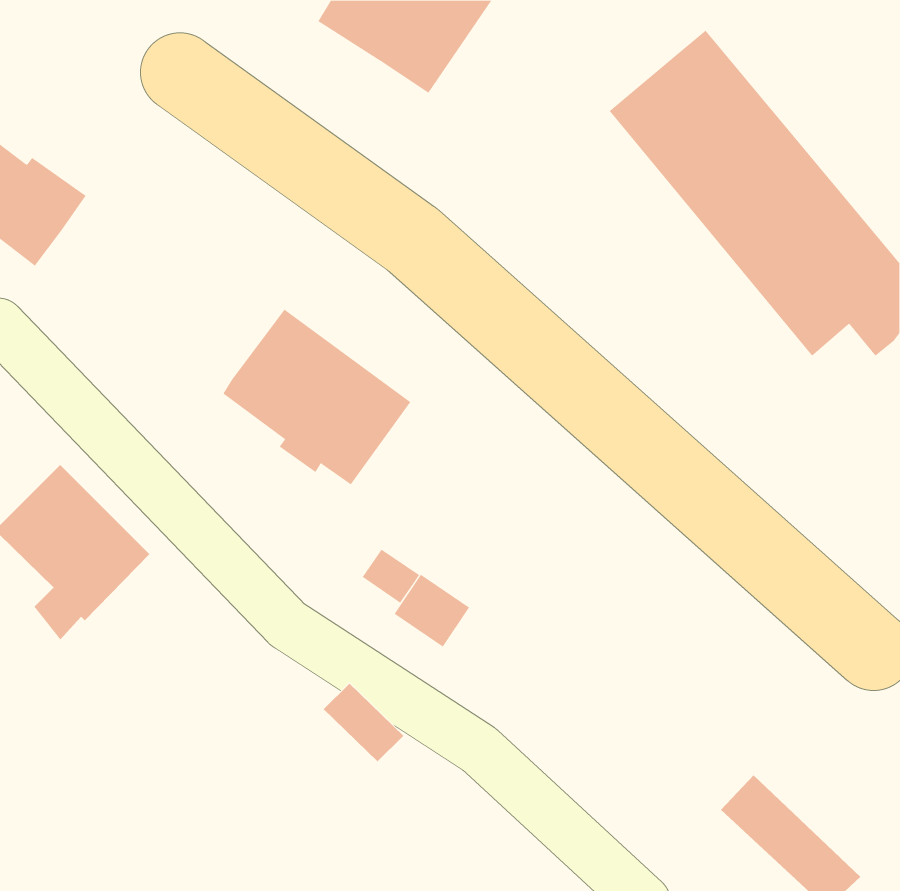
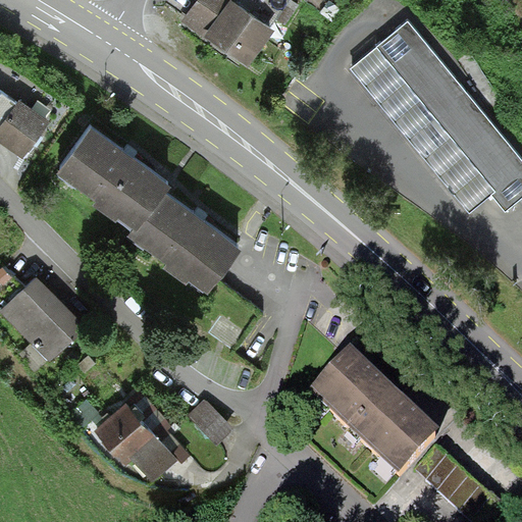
building: none -> [57,121,169,225]
building: [394,574,470,648] -> none
building: none -> [309,354,439,482]
building: none -> [97,403,177,479]

